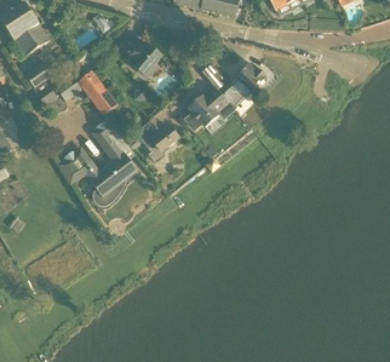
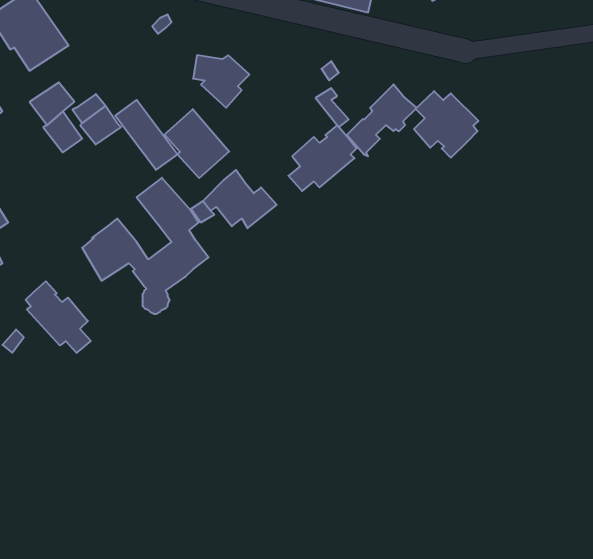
building: none -> [414,91,478,158]
building: none -> [165,109,229,178]
building: none -> [26,281,91,353]

